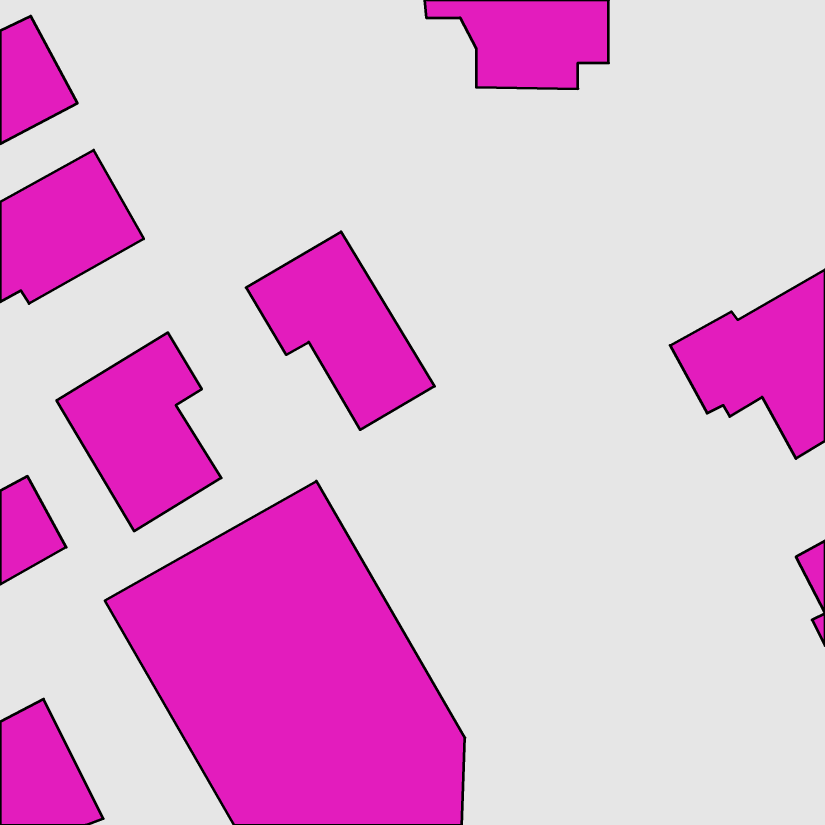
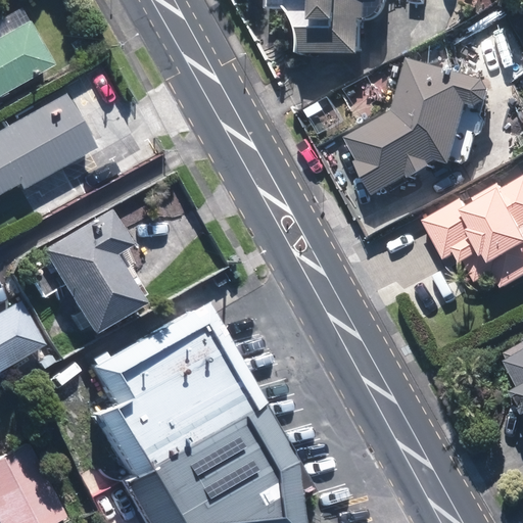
building: none -> [345,59,495,198]
building: [246,232,435,430] -> none

